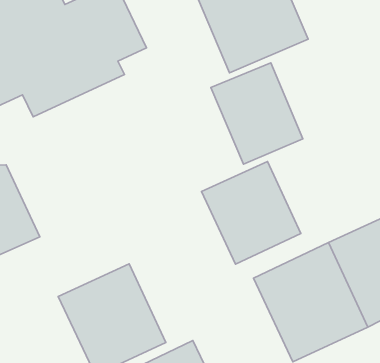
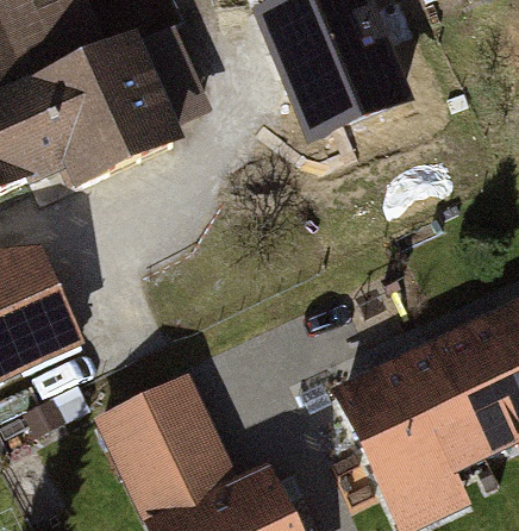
building: [211,63,303,164] -> none
building: [201,161,301,264] -> none

